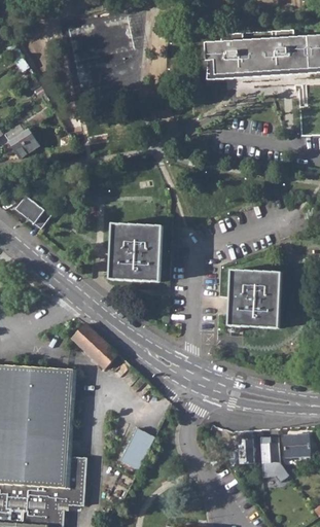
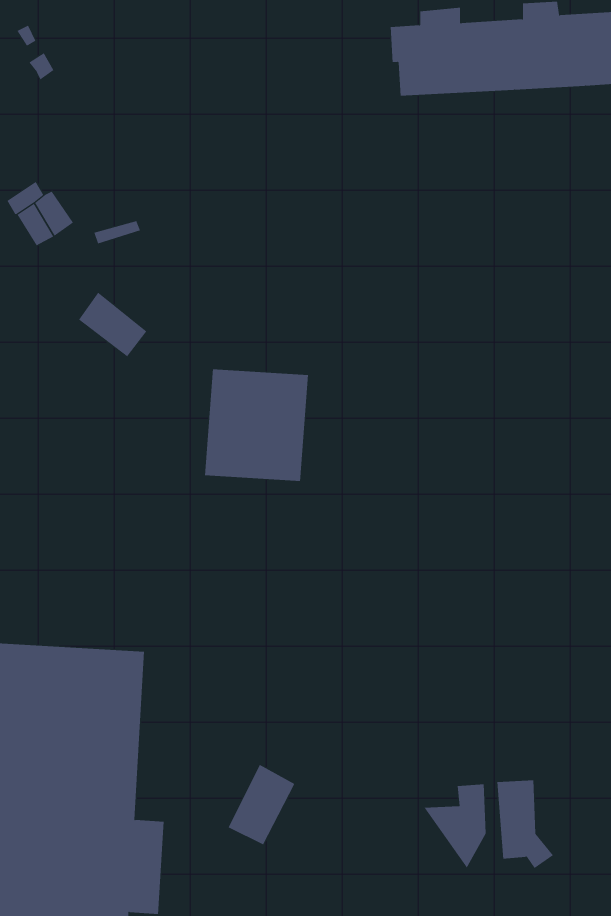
building: [14,198,50,232] -> [78,292,147,357]
building: [226,270,280,325] -> none
building: [72,324,118,370] -> none
building: [284,434,311,458] -> none

